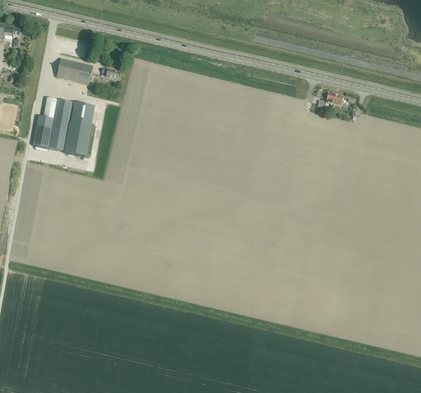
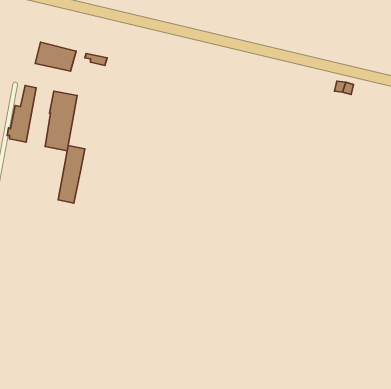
building: [49,99,73,151] -> [58,146,85,203]

